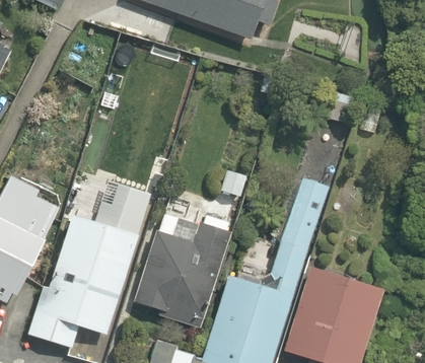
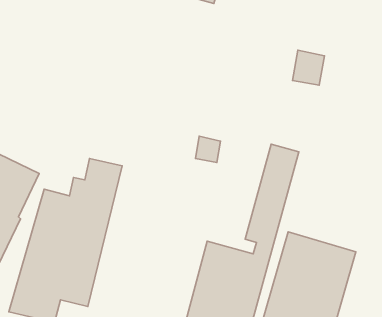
building: [137,201,231,322] -> none

